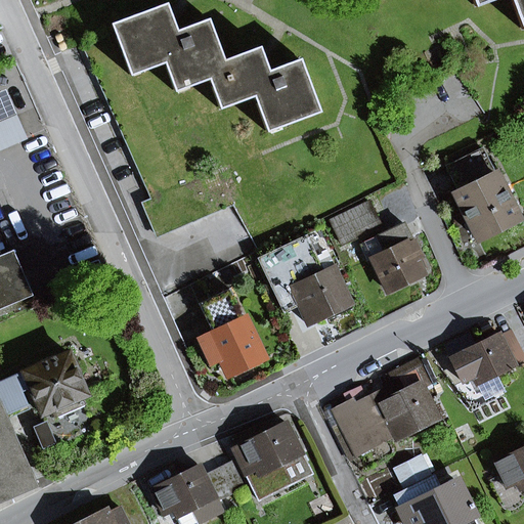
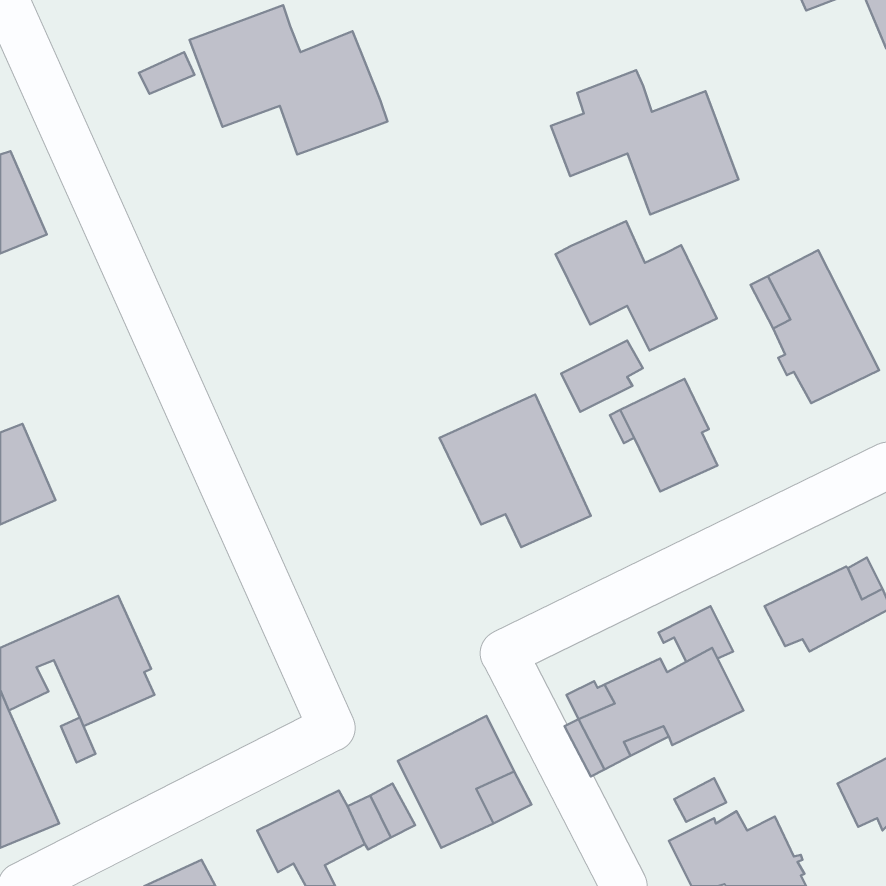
building: [210,46,320,131] -> [551,70,739,214]
building: none -> [556,221,717,351]
building: [200,288,263,373] -> none

